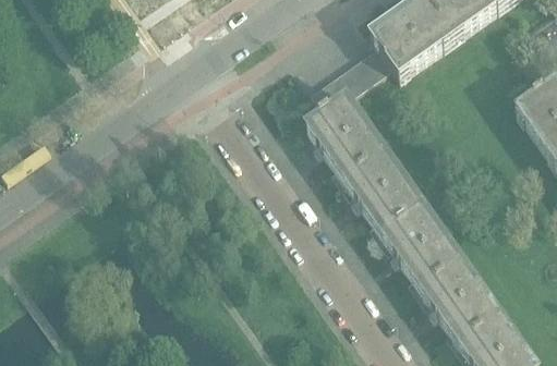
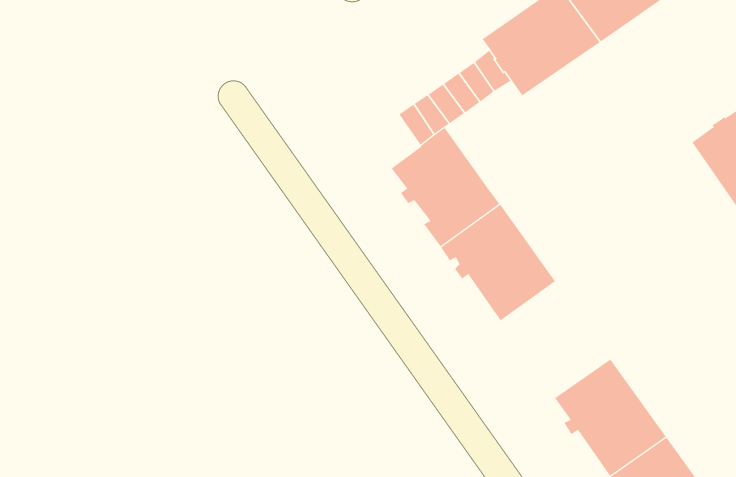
building: [383,203,461,285] -> none

